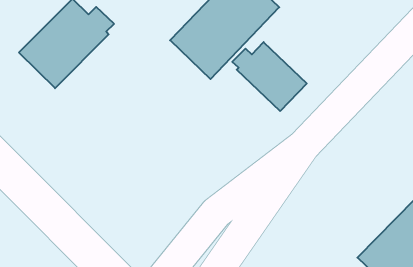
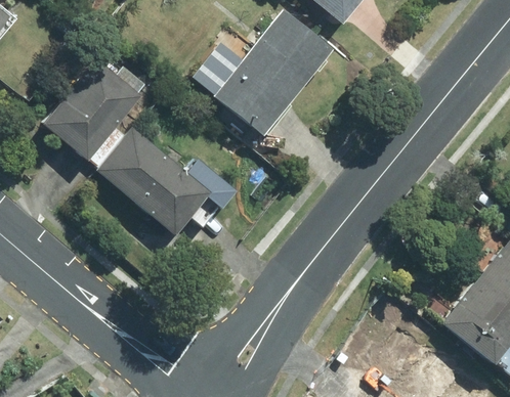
building: [232,42,307,111] -> none
building: none -> [98,128,210,234]

